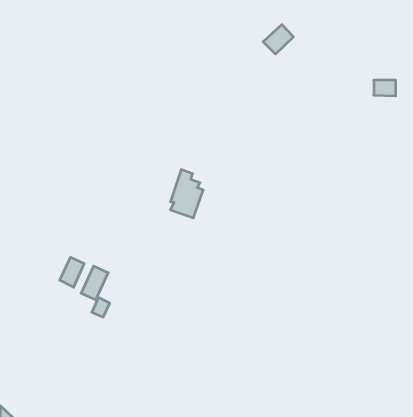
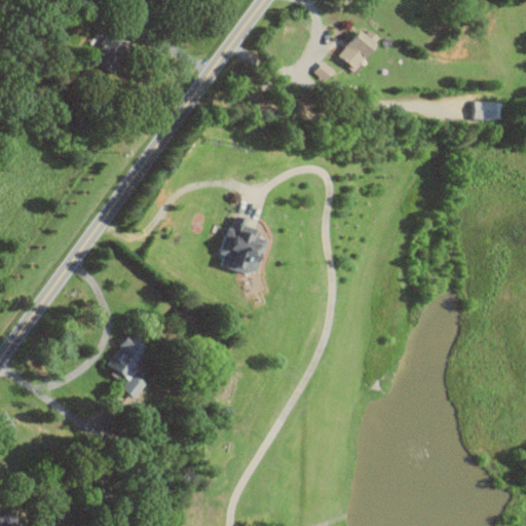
building: [60,257,84,287] -> none

